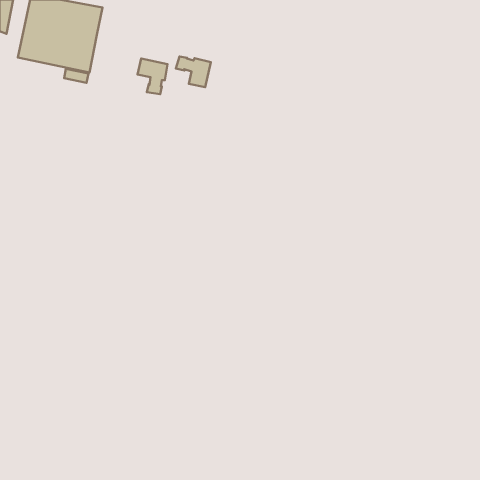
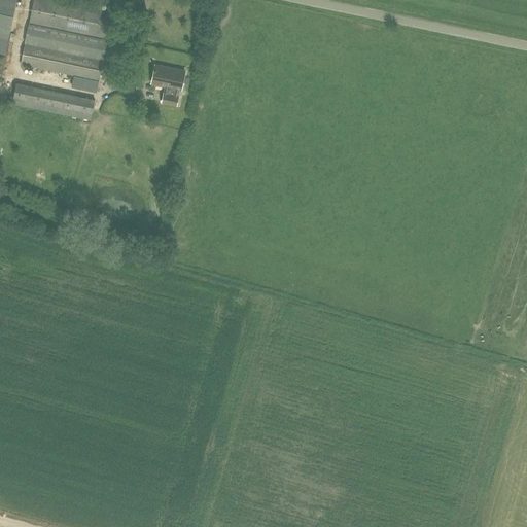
building: [176,56,211,87] -> none
building: none -> [11,82,94,118]

